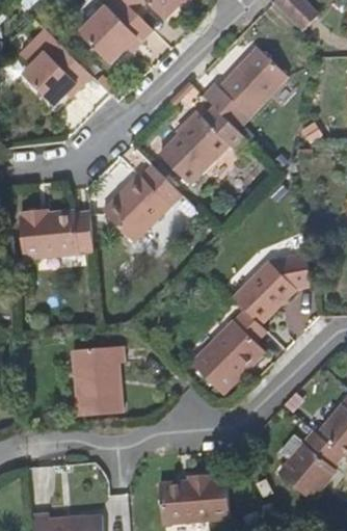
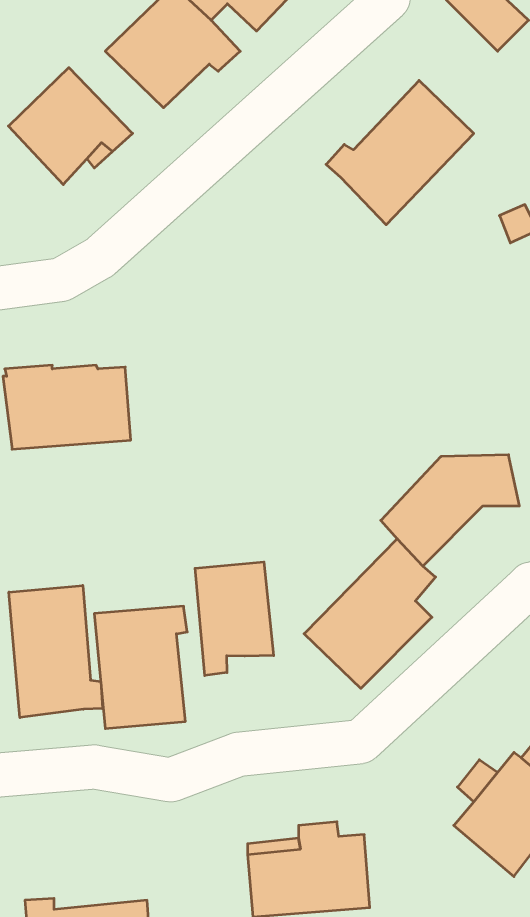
building: [159,103,246,184] -> none
building: [103,164,182,242] -> none
building: none -> [195,562,274,676]
building: none -> [9,585,102,718]

